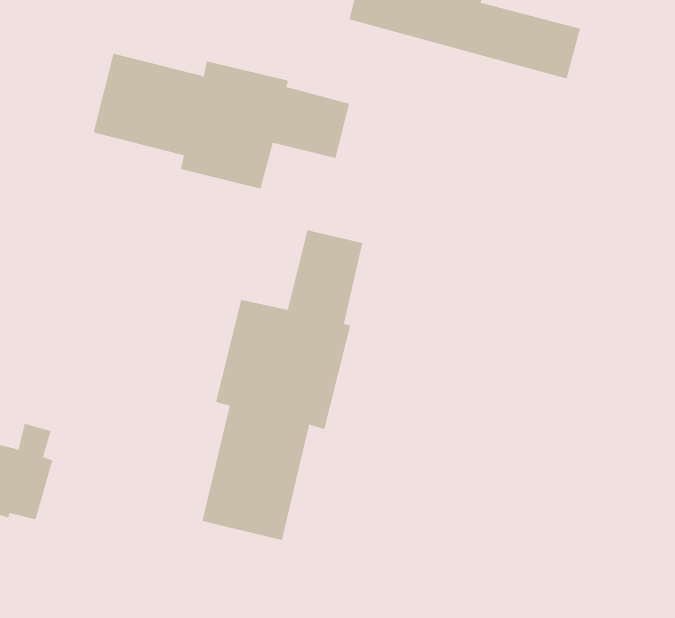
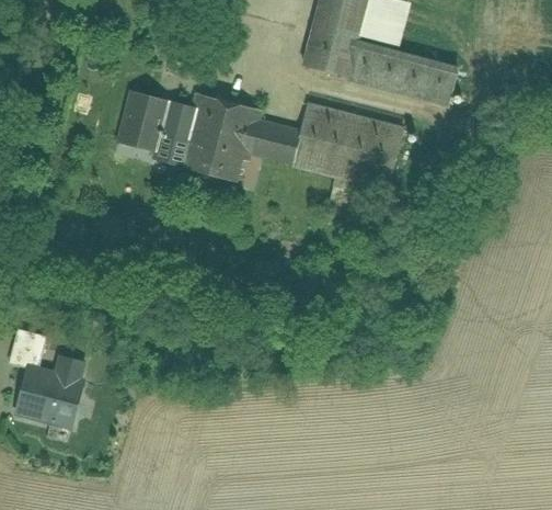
building: none -> [290,106,399,188]
building: [202,229,363,541] -> none

